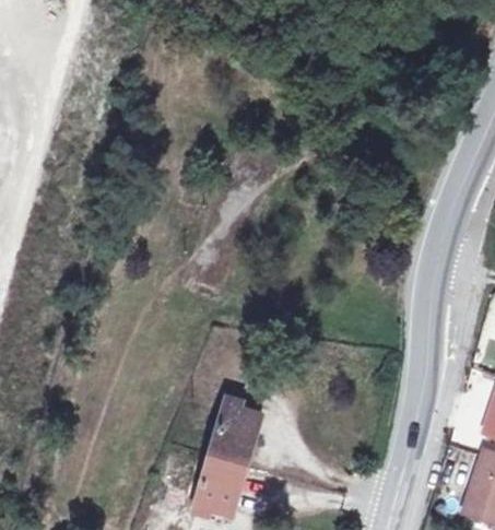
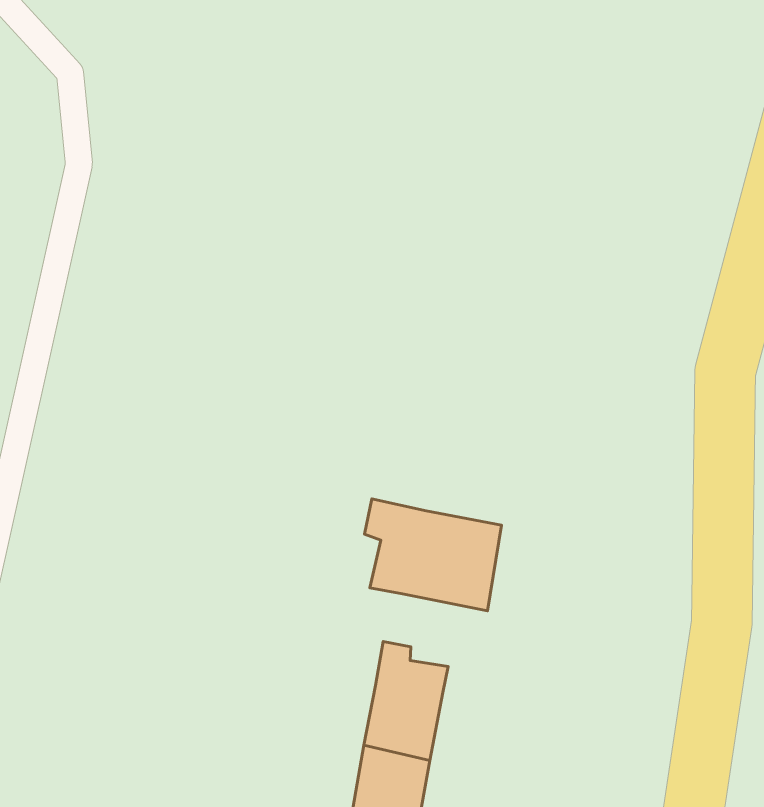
building: none -> [365,499,501,611]

